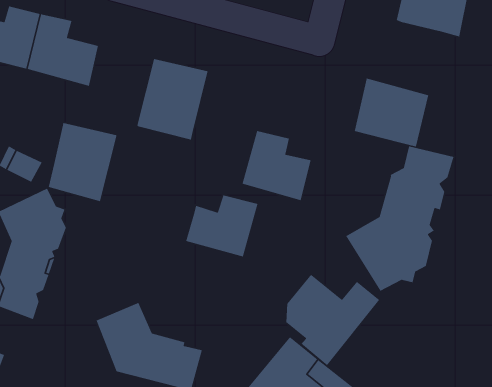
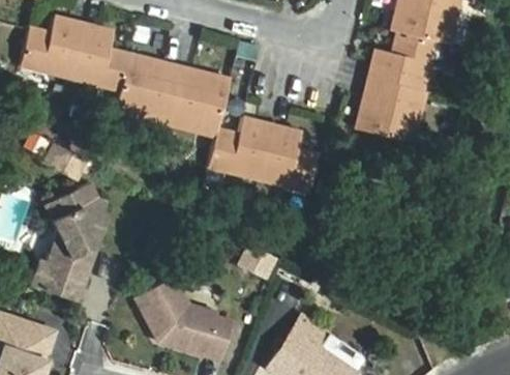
building: none -> [377,30,443,94]
building: [48,122,118,202] -> [121,51,184,123]
building: [345,145,455,292] -> none
building: [185,194,258,257] -> [211,119,277,176]
building: [285,274,380,366] -> none

